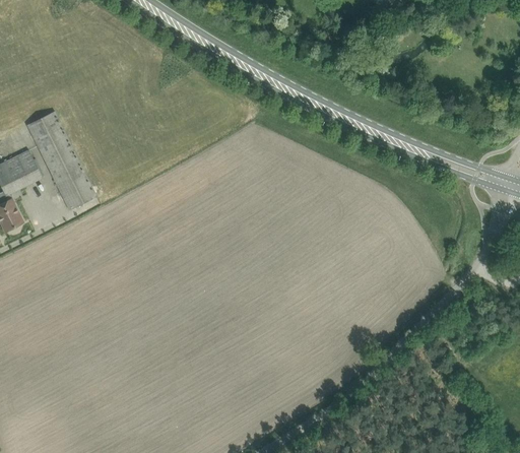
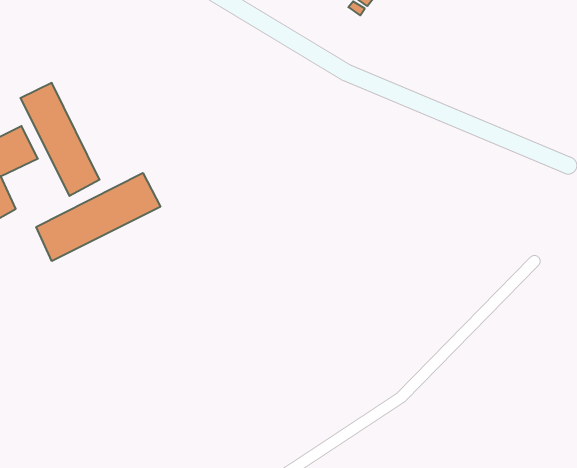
building: none -> [36,173,160,261]

